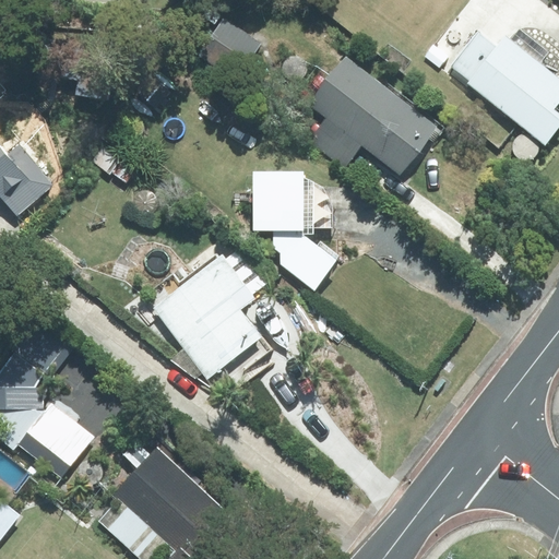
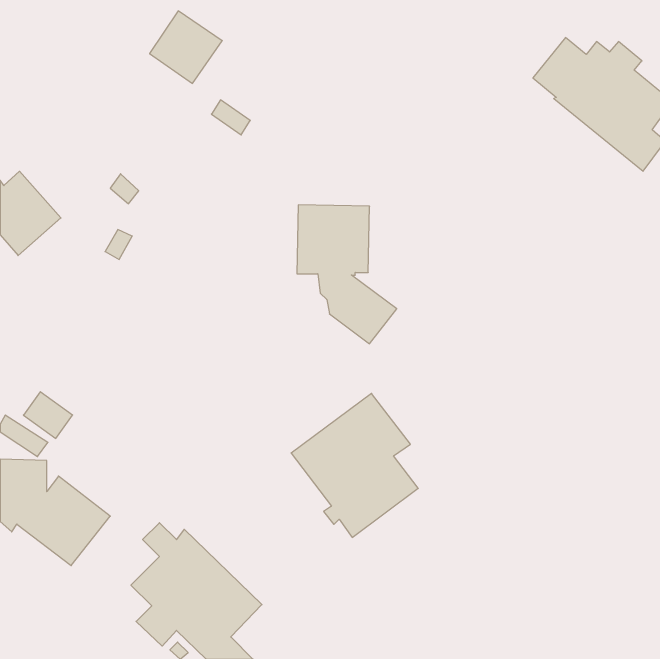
building: [200,17,261,79] -> [150,11,222,83]
building: [309,57,441,175] -> none
building: [154,257,261,378] -> [291,393,418,537]

